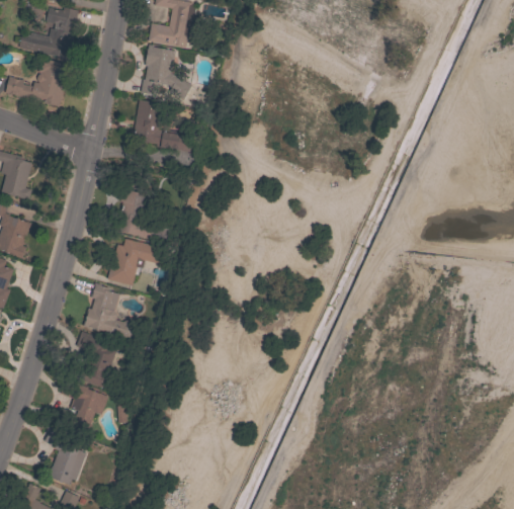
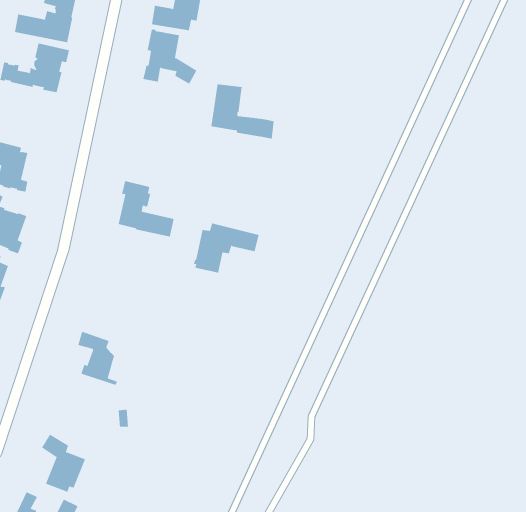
building: [132,100,192,153] -> [210,84,275,139]
building: [107,239,170,286] -> [193,223,260,273]
building: [83,283,139,341] -> none
building: [60,379,107,432] -> none

